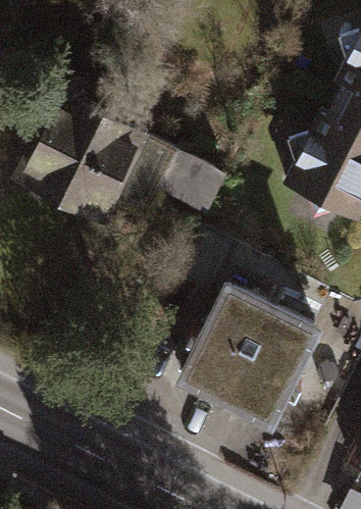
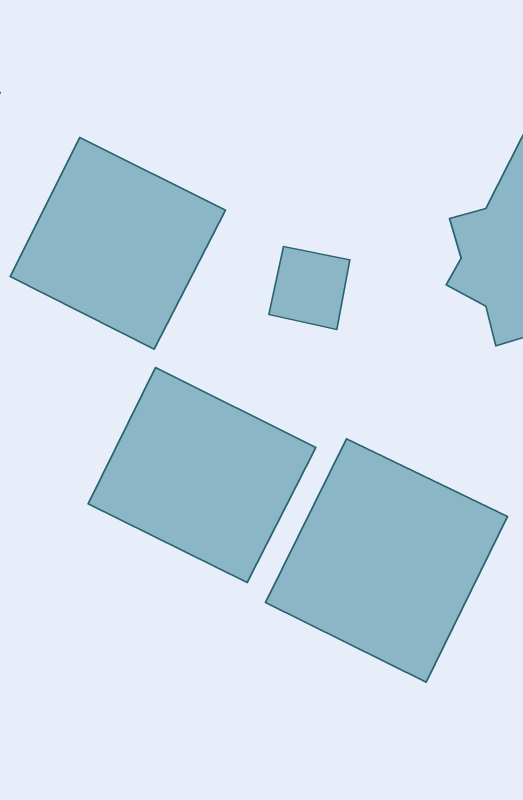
building: none -> [88,368,316,583]

